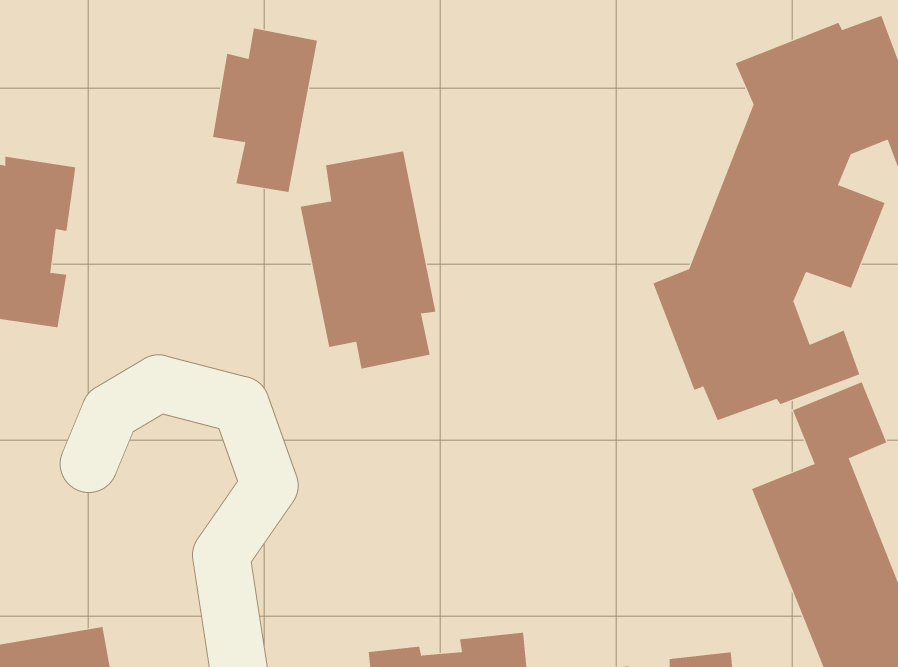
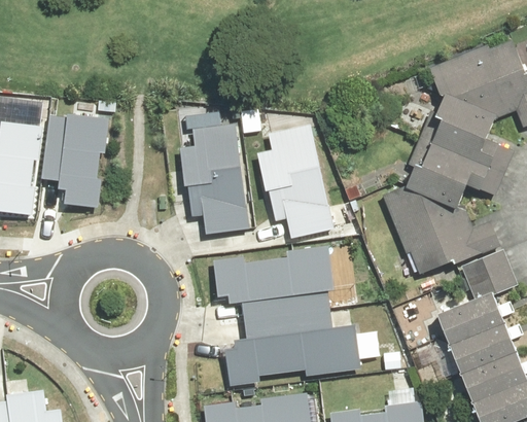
building: [212,28,318,193] -> [47,112,108,207]
building: none -> [253,115,335,243]
building: none -> [213,242,367,391]

